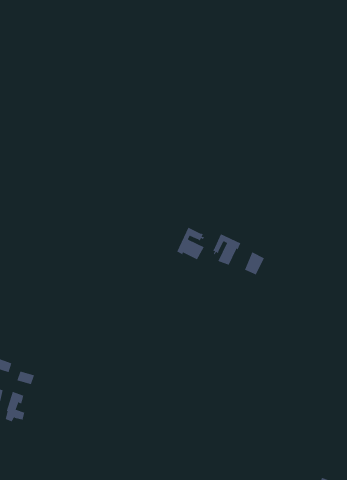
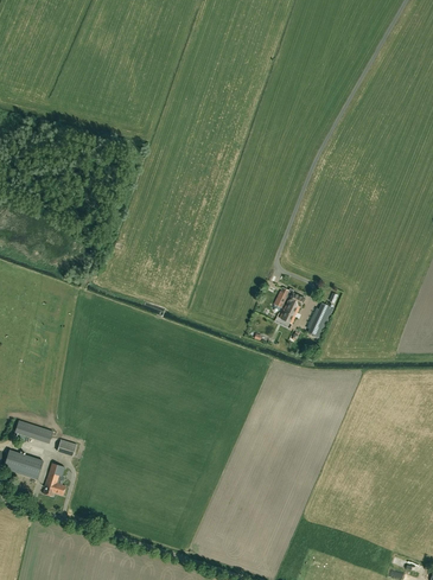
building: [176,227,205,260] -> none

